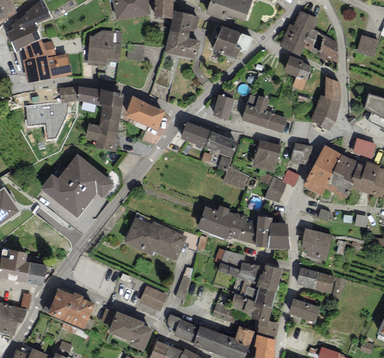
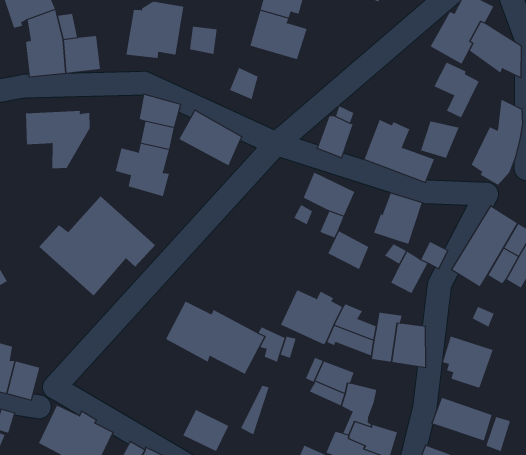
building: [212,25,241,60] -> none
building: [59,86,100,104] -> none
building: [180,121,211,147] -> none
building: [289,142,313,165] -> [420,121,460,158]
building: [256,264,282,291] -> none

